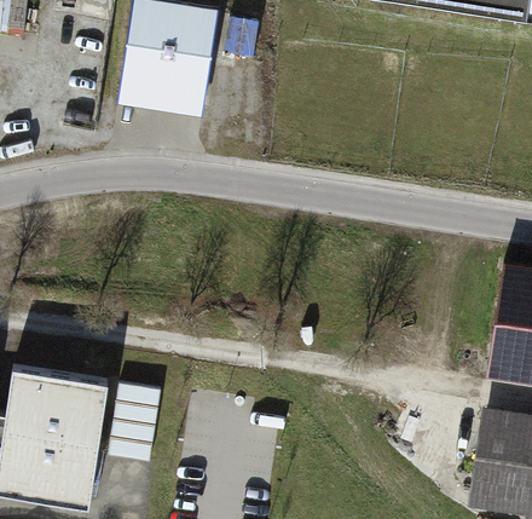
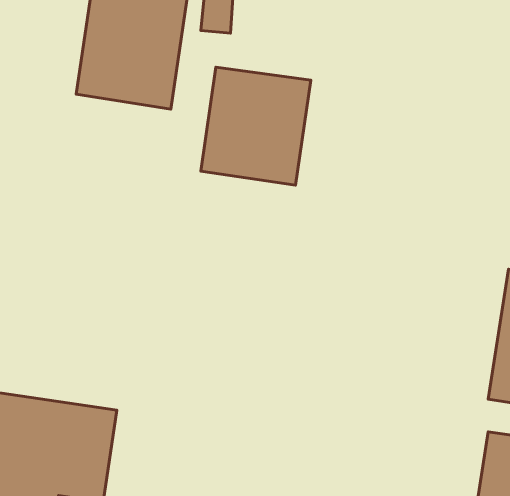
building: none -> [201,67,311,185]

